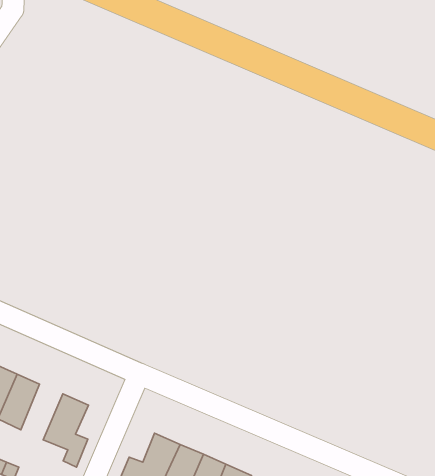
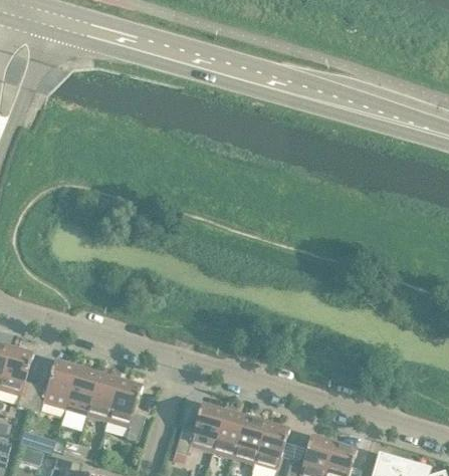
building: none -> [86,373,119,420]

